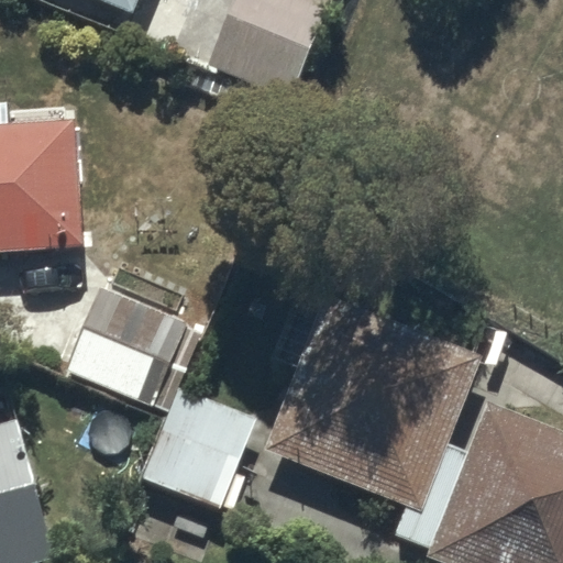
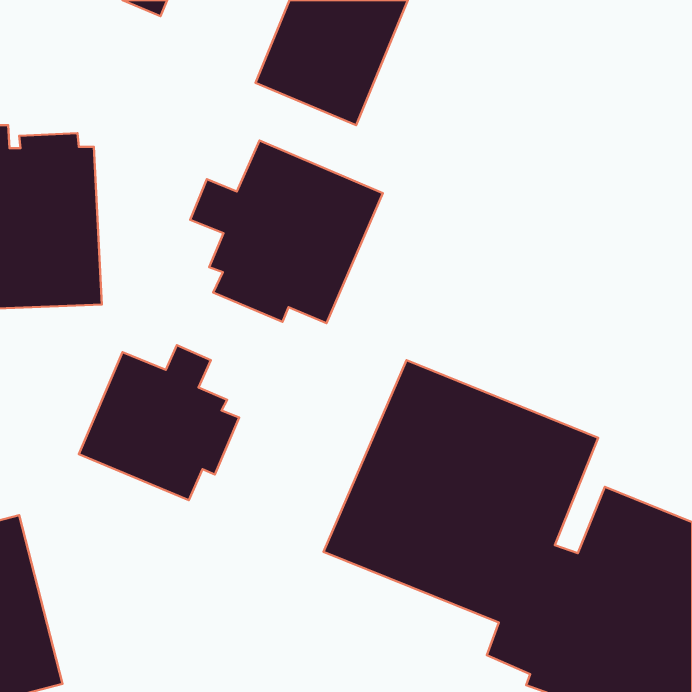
building: none -> [190,141,383,323]
building: [139,371,265,510] -> none

